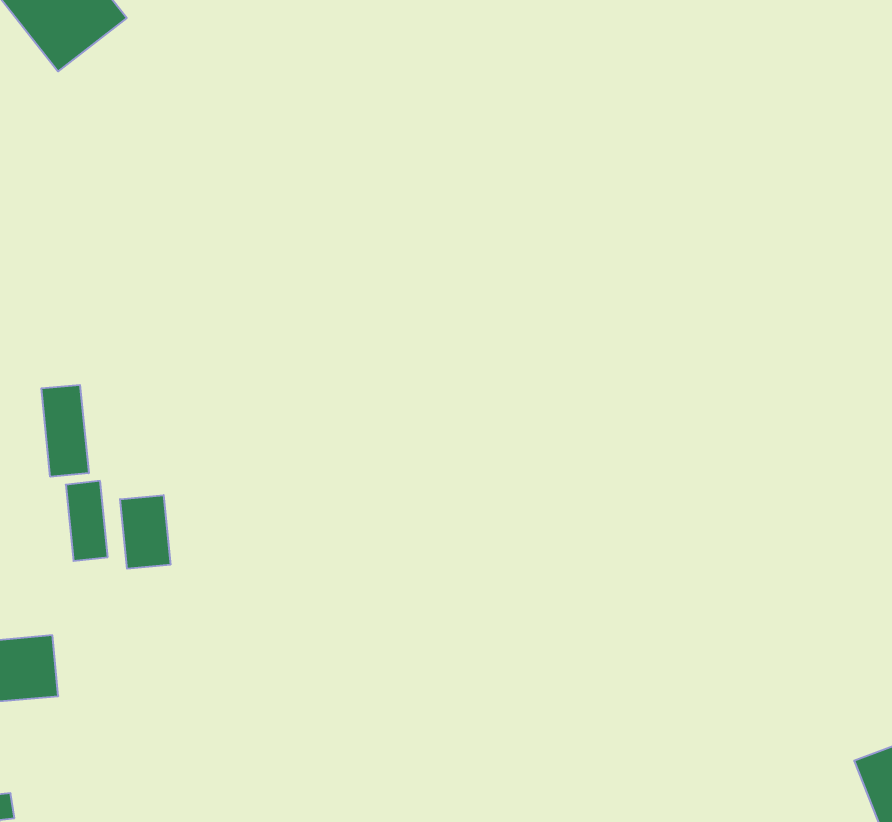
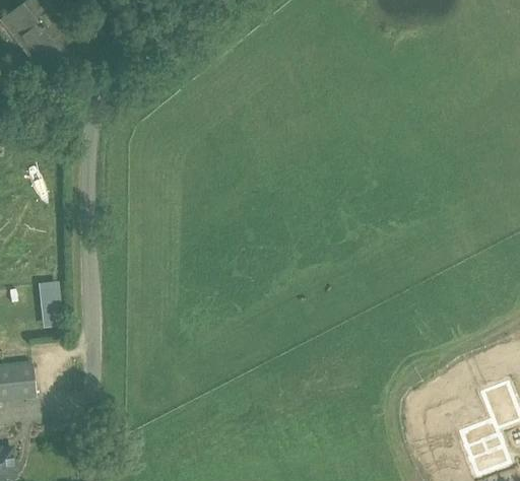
building: [41,385,89,477] -> none
building: [120,495,170,569] -> none

